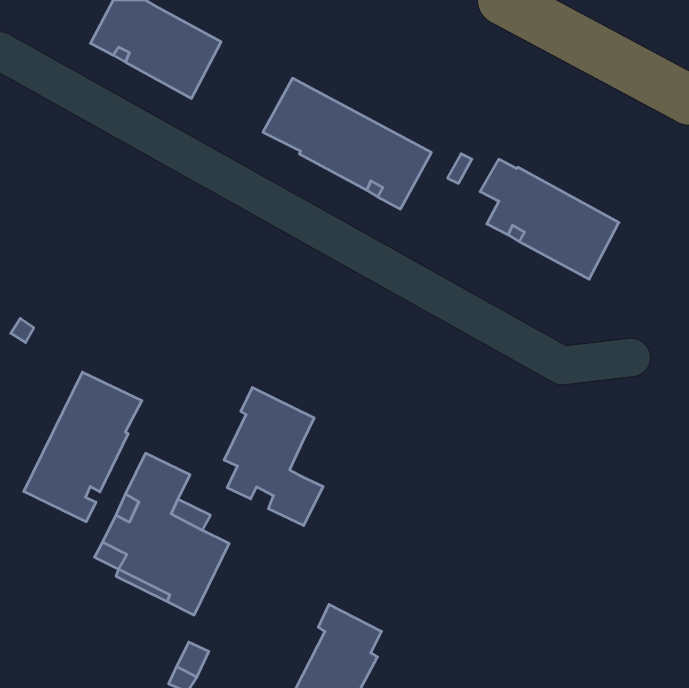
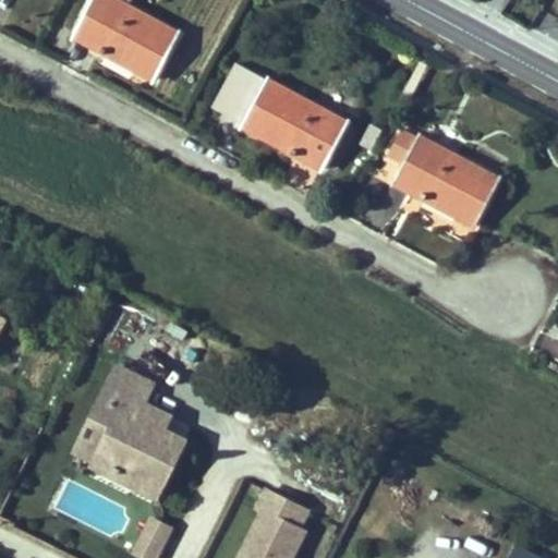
building: [24,372,142,522] -> none
building: [224,387,323,526] -> none

